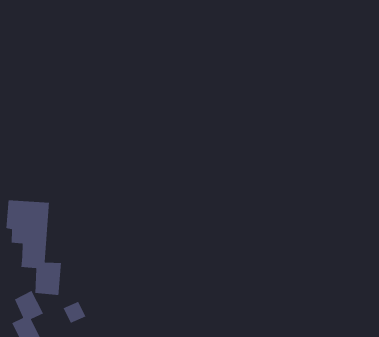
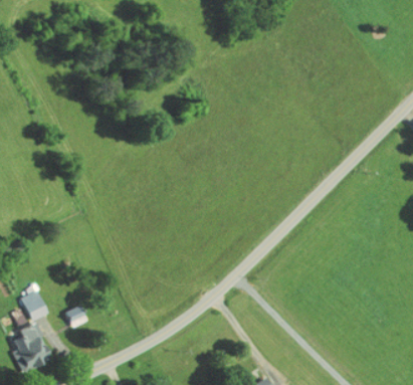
building: [5,199,62,296] -> none

